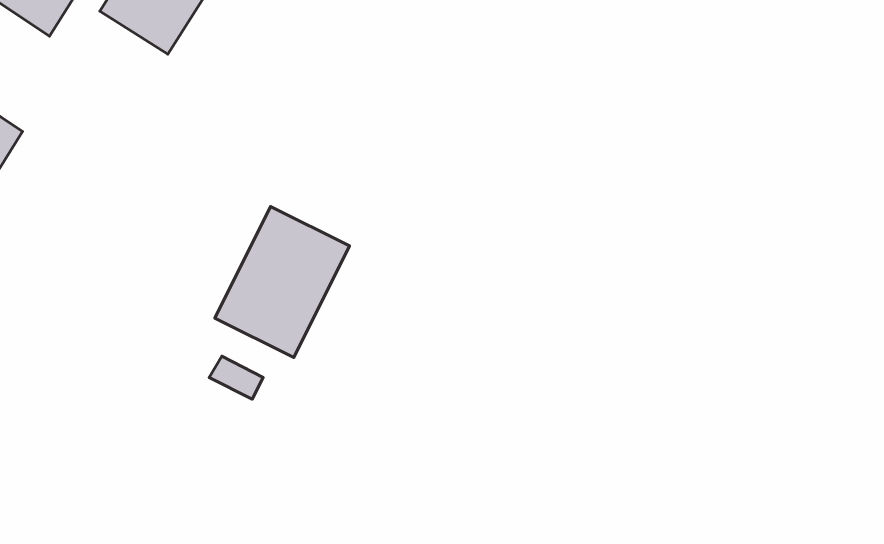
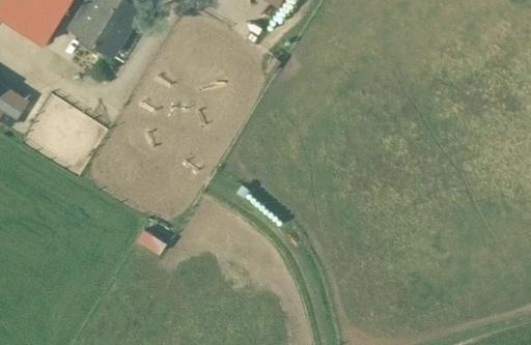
building: [215,206,350,358] -> none

